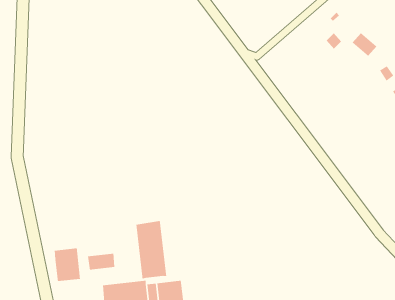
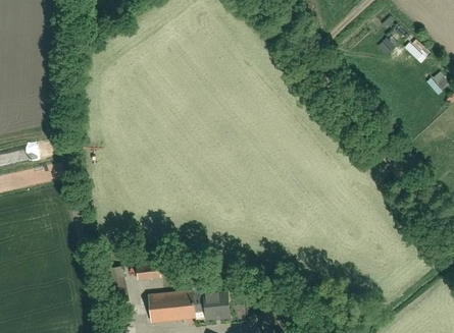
building: [136,220,167,280] -> none
building: [54,248,81,282] -> none

